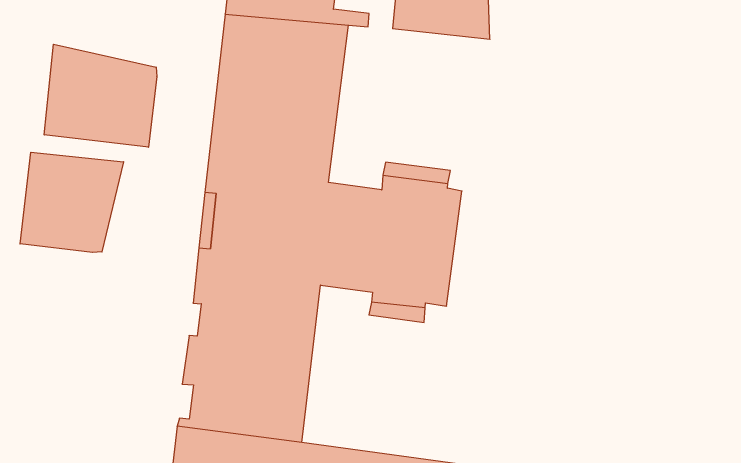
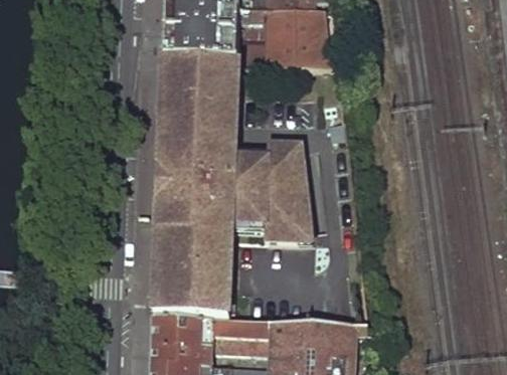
building: [44,44,157,147] -> none
building: [20,152,124,252] -> none

